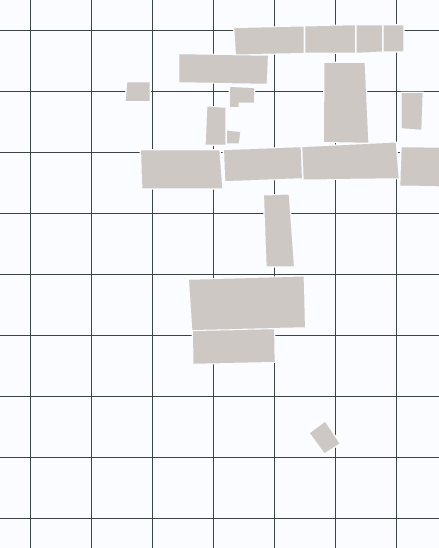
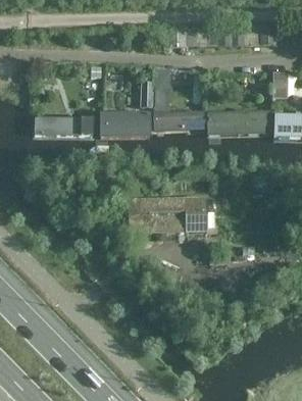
building: [178,54,269,84] -> [33,113,94,134]
building: [324,62,369,144] -> none
building: [264,194,294,267] -> none
building: [192,328,275,365] -> none

